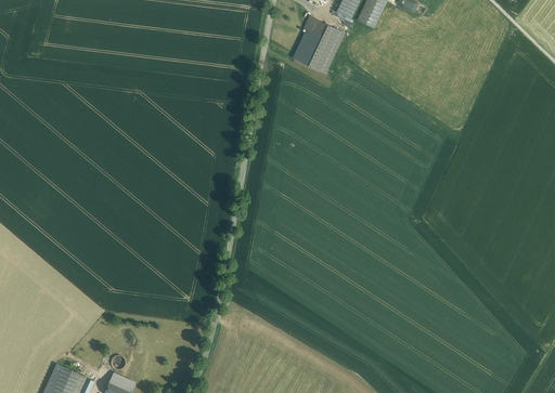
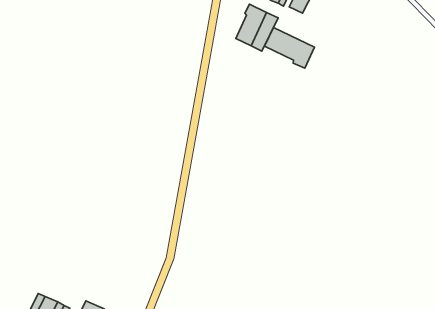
building: none -> [265,27,315,68]

